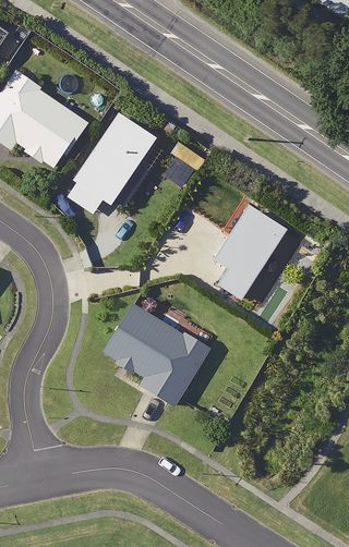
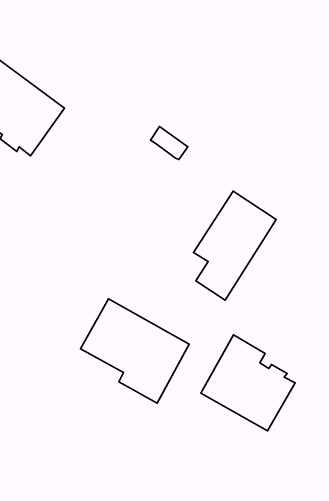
building: [63,112,155,223] -> none
building: none -> [201,335,295,431]

